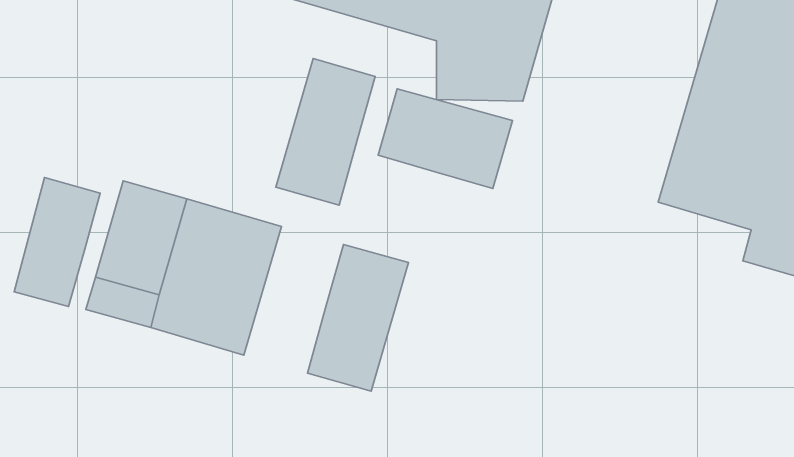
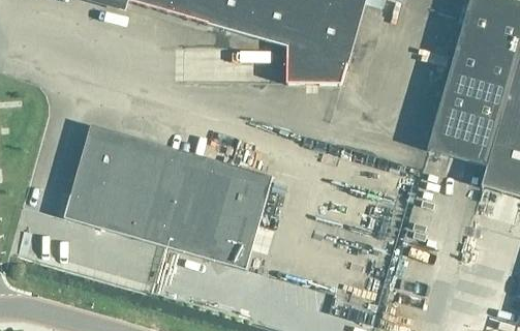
building: [276,59,375,205] -> [164,162,227,255]
building: [378,89,513,188] -> none
building: [14,177,100,307] -> none

